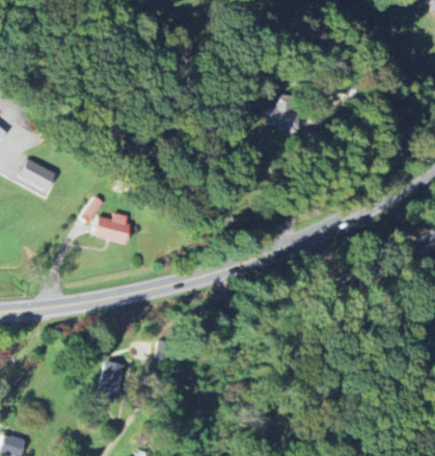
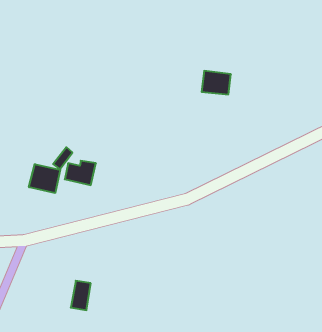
building: [18,159,56,192] -> none
building: none -> [29,164,60,193]

